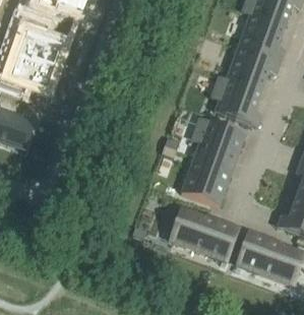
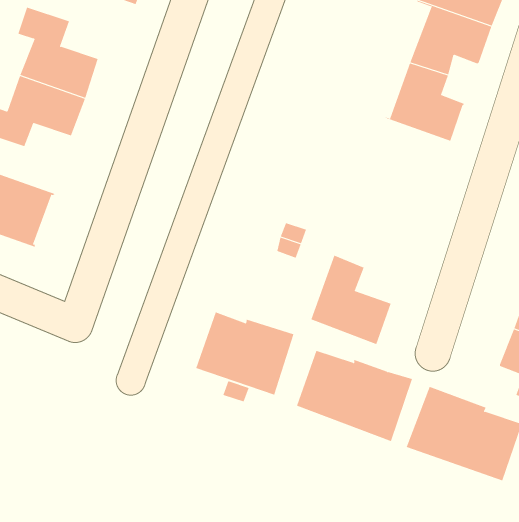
building: [211,76,261,119] -> none
building: [192,117,246,163] -> none
building: none -> [196,312,294,396]

